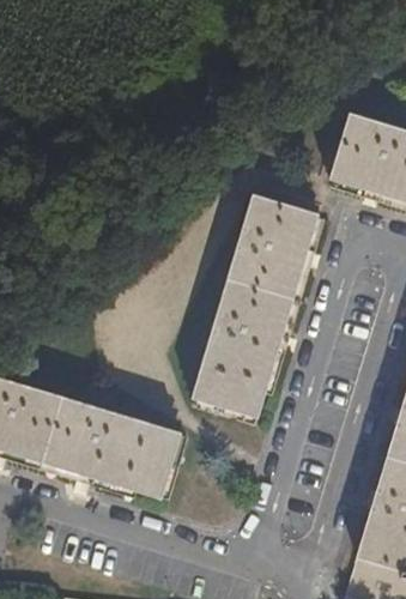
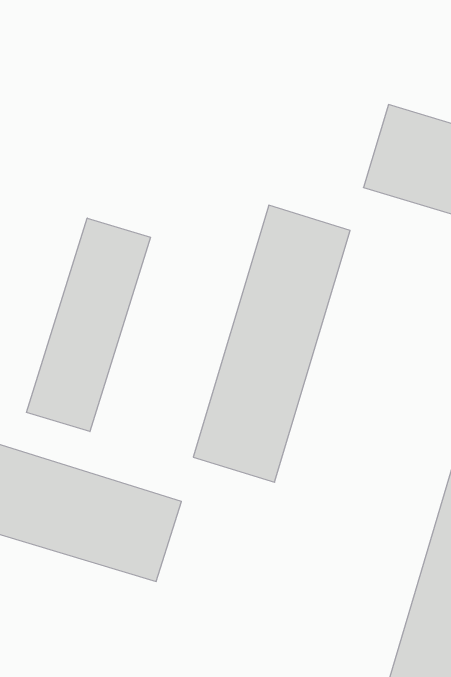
building: none -> [27,218,151,432]

